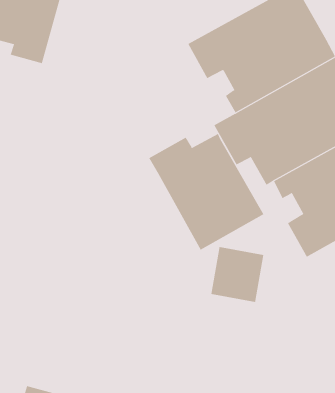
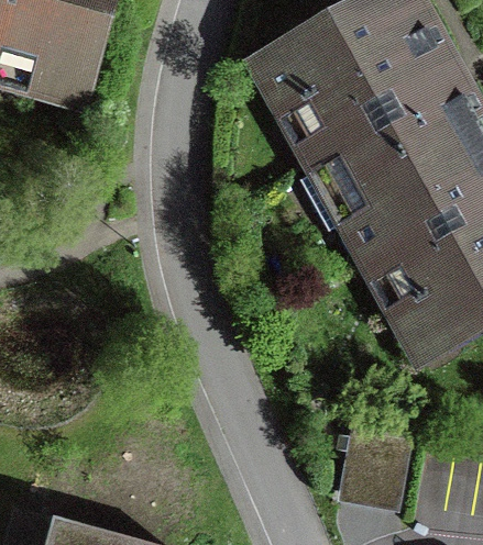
building: [148,133,264,250] -> none
building: [210,246,264,303] -> [341,430,411,503]

